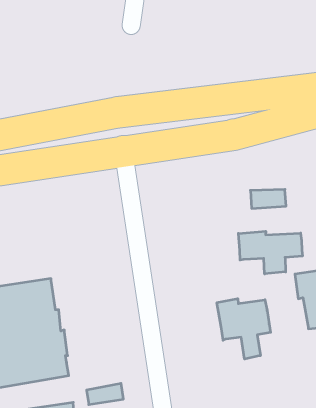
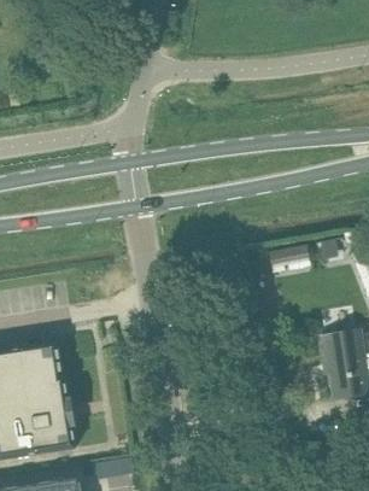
building: [238,231,302,274] -> none
building: [217,299,271,359] -> none

